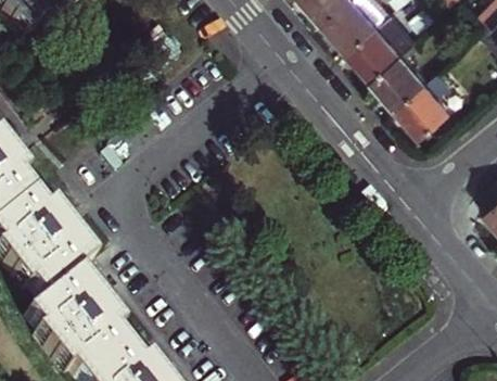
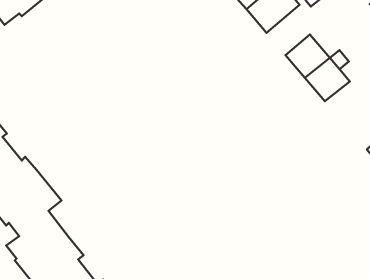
building: [352,13,417,76] -> none

